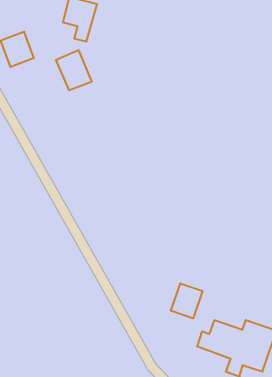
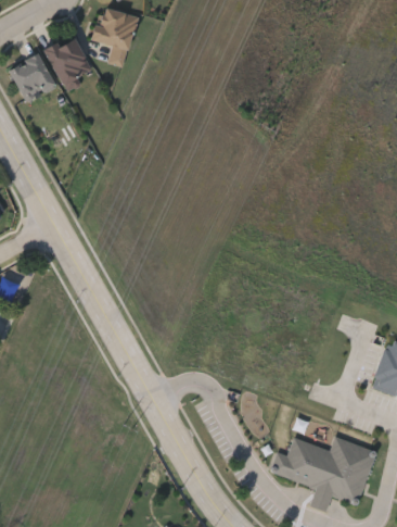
building: [56,50,92,90] -> [46,35,93,88]
building: [171,283,203,318] -> none

